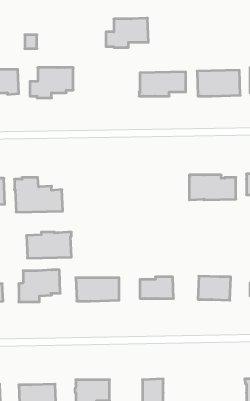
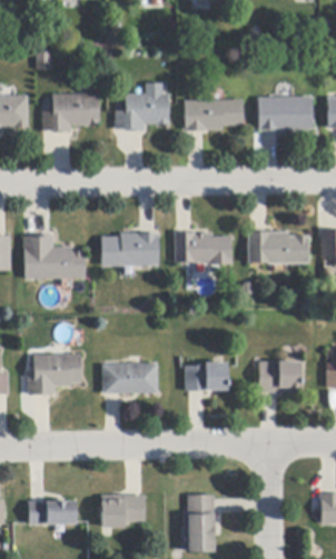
building: [106,18,148,47] -> [116,92,170,130]
building: none -> [174,231,231,266]
building: [26,232,71,258] -> [101,232,159,266]

